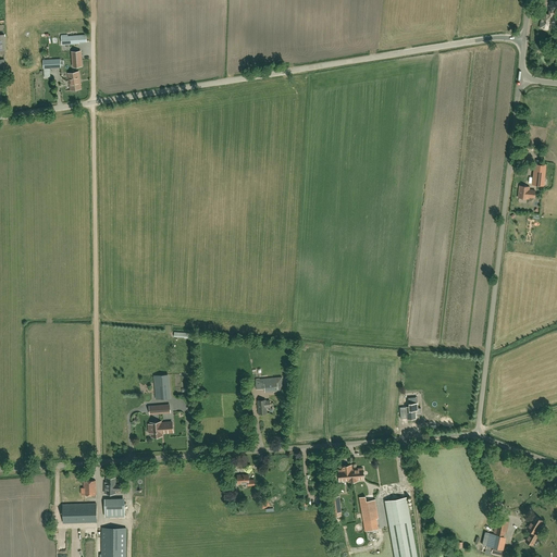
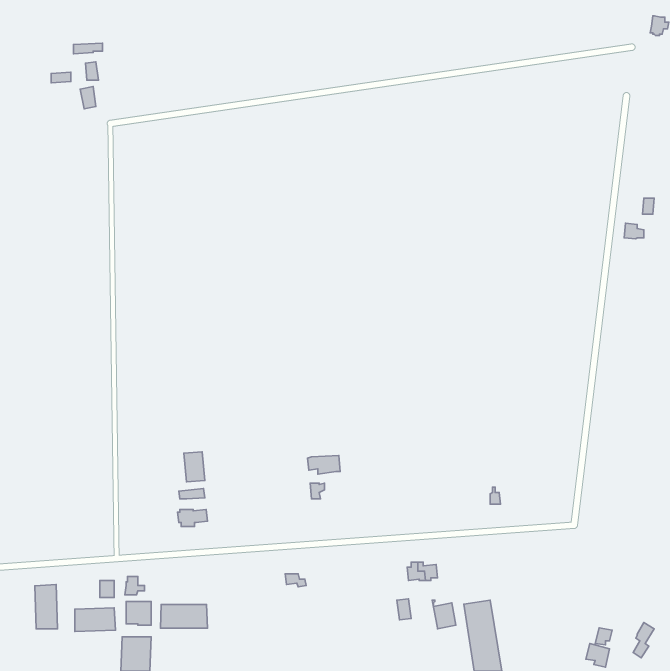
building: none -> [35,584,57,629]
building: none -> [161,604,207,628]

